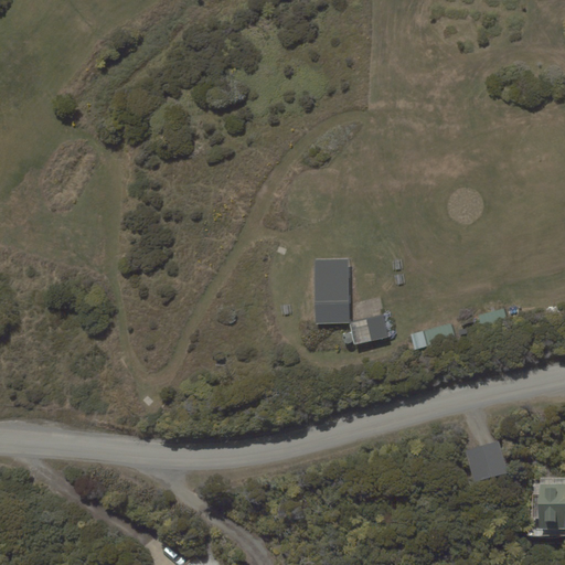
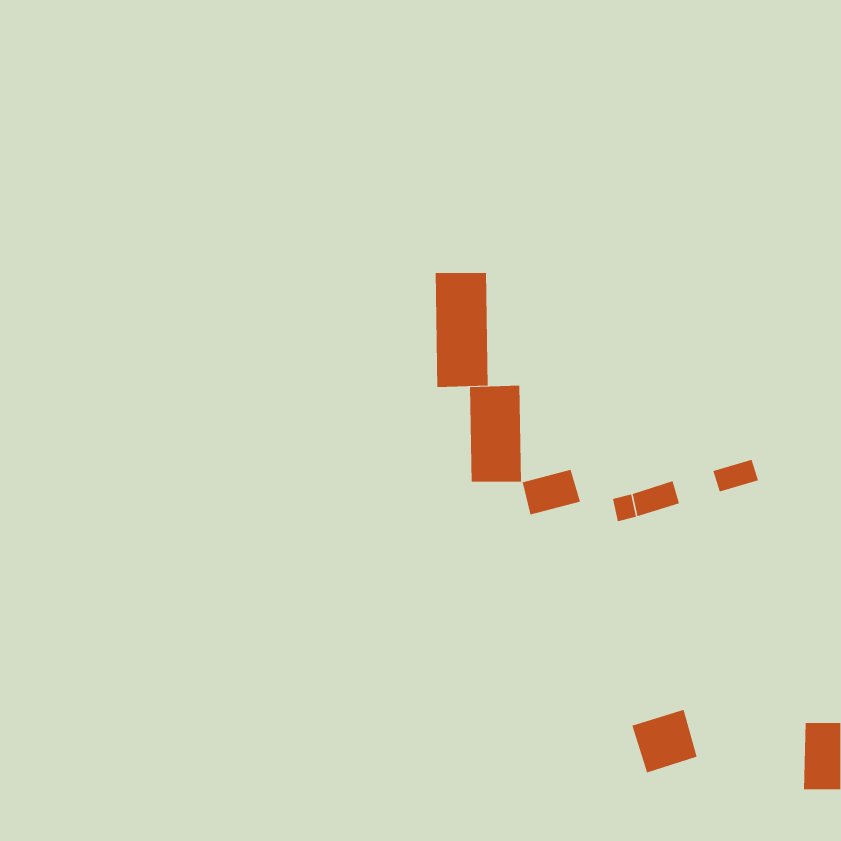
building: none -> [435,272,488,388]
building: [465,440,509,483] -> [632,709,697,773]

